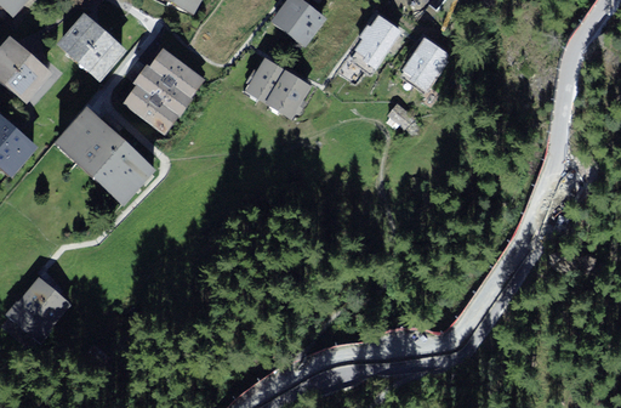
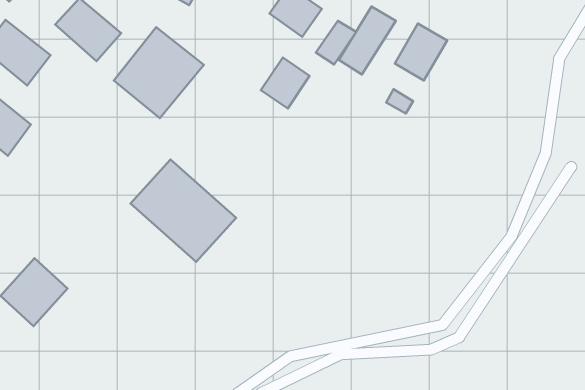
building: [246,57,286,101] -> [316,21,356,65]
building: [49,101,154,203] -> [130,160,236,262]

